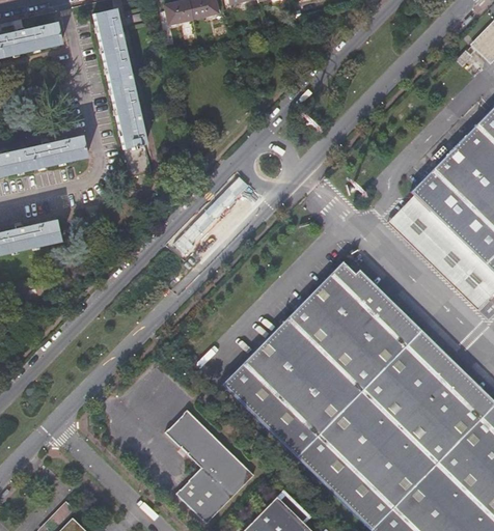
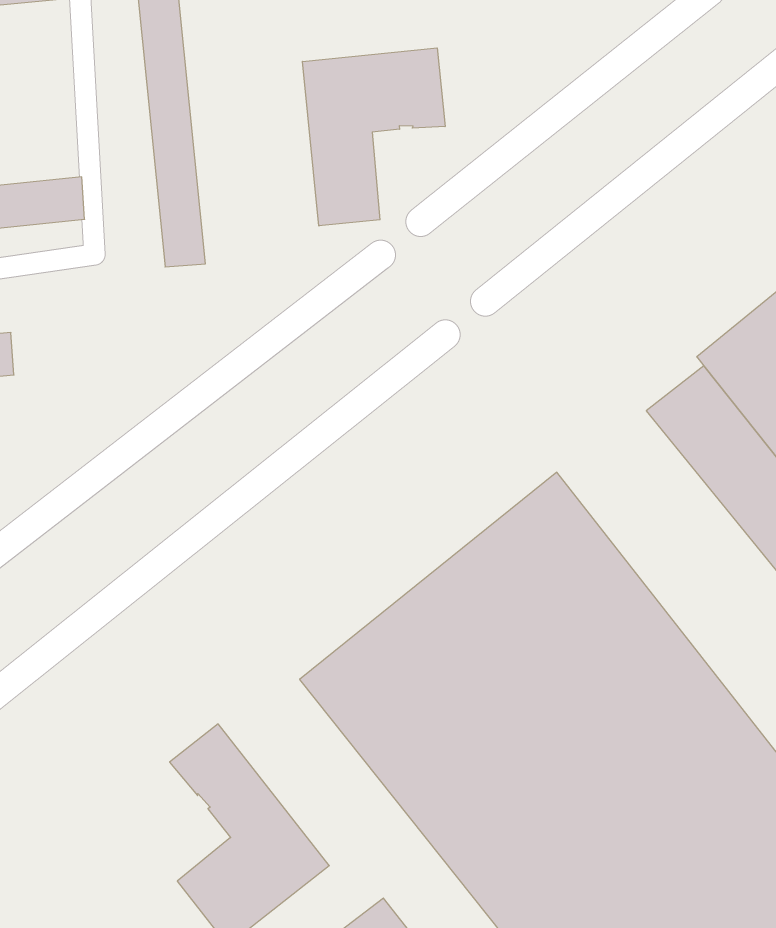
building: none -> [302,48,445,226]

